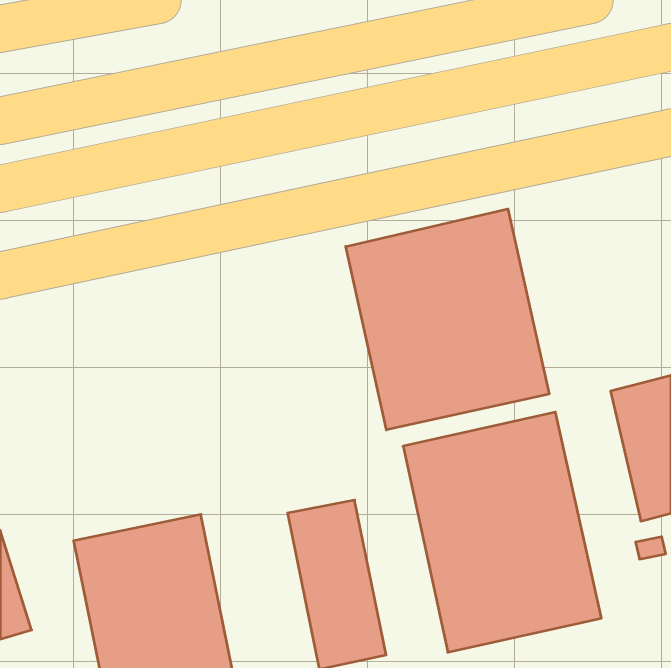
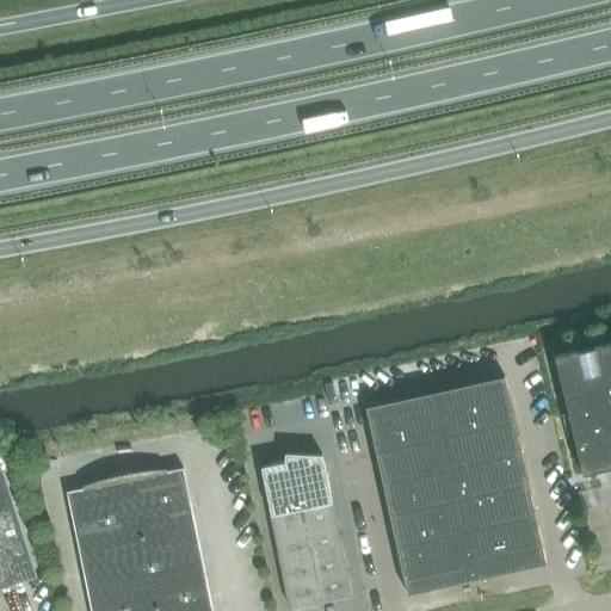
building: [346,209,549,430] -> none

